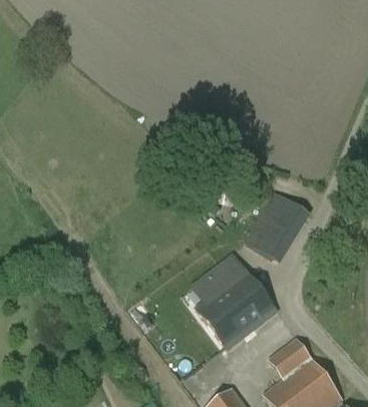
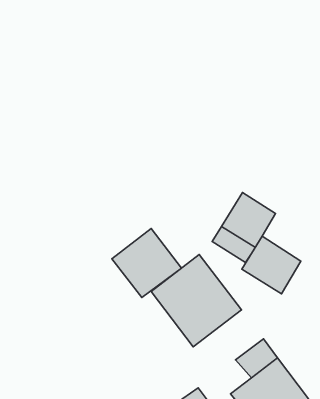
building: none -> [112,229,181,297]
building: none -> [242,236,301,294]

